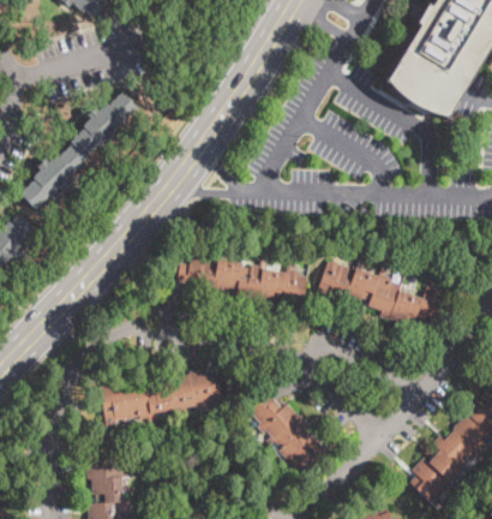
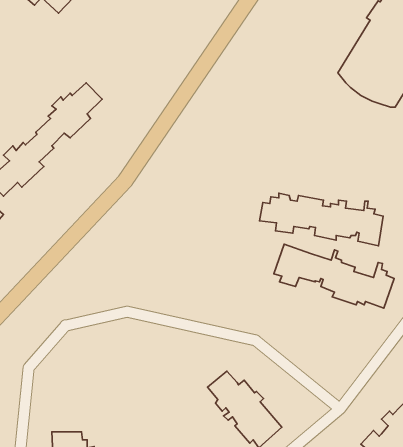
building: [179,253,308,309] -> [259,193,383,246]
building: [100,369,223,423] -> none

